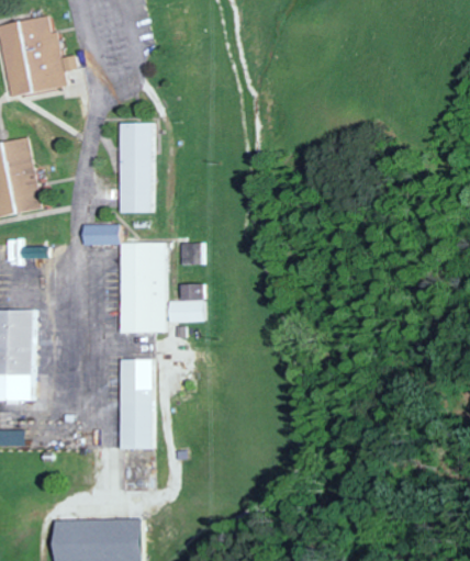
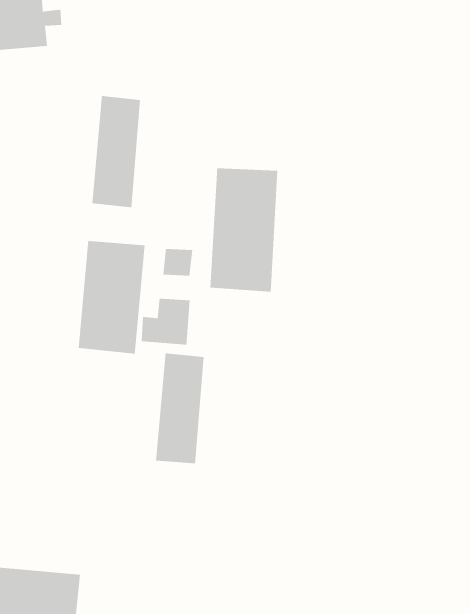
building: none -> [210,168,278,292]
building: [80,223,120,245] -> none
building: [120,359,155,449] -> [155,353,204,464]

